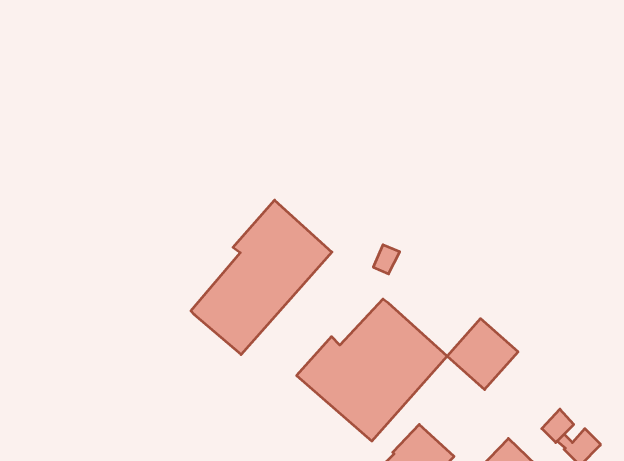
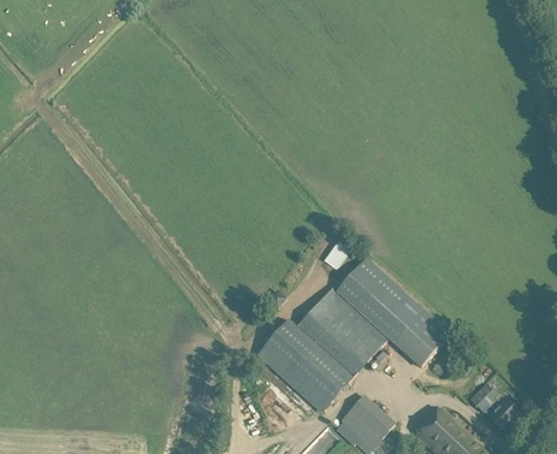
building: [191,200,332,355] -> none
building: none -> [337,259,416,337]

